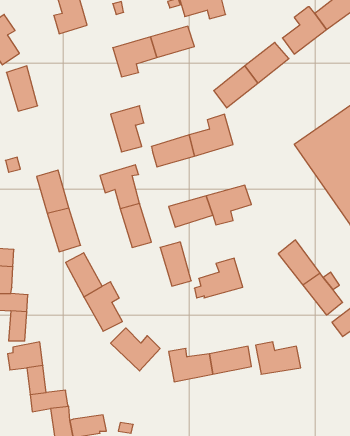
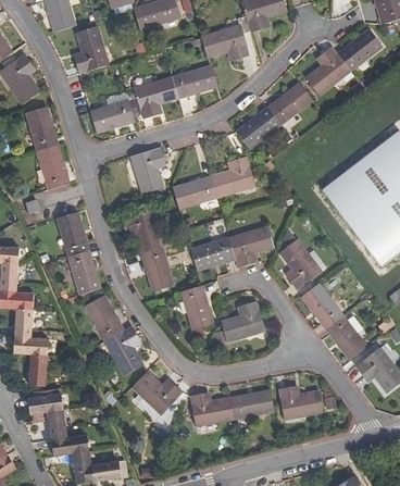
building: none -> [89,94,134,132]
building: none -> [38,147,68,189]
building: none -> [279,239,321,289]

